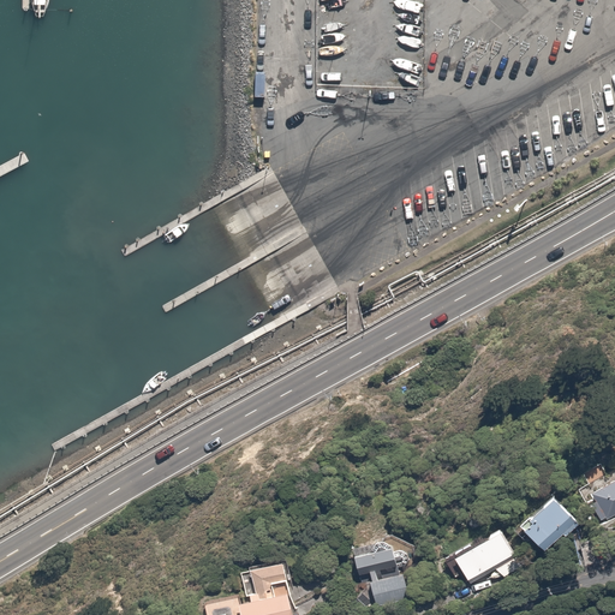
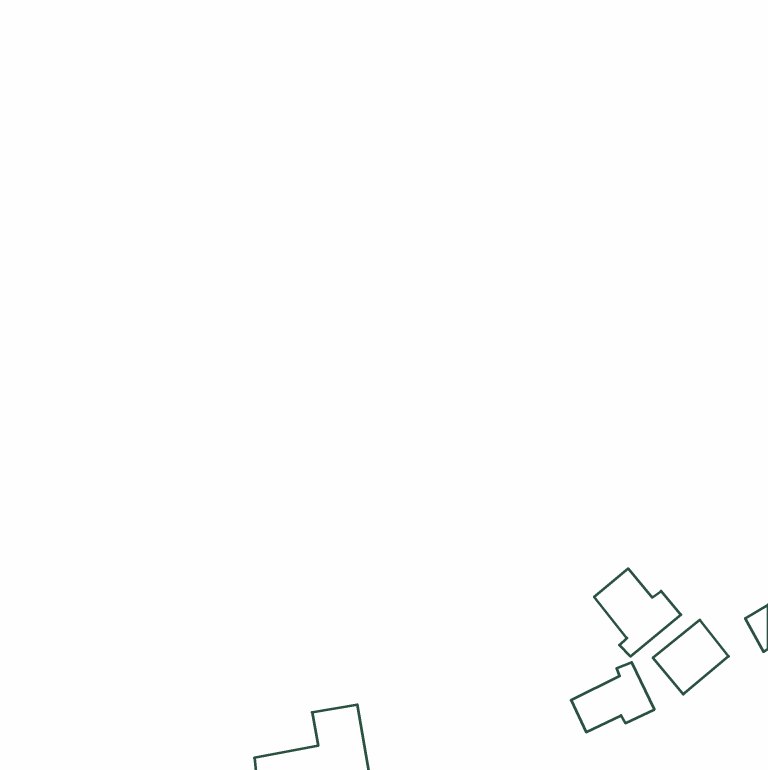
building: none -> [594,569,681,656]
building: [354,550,406,608] -> none

